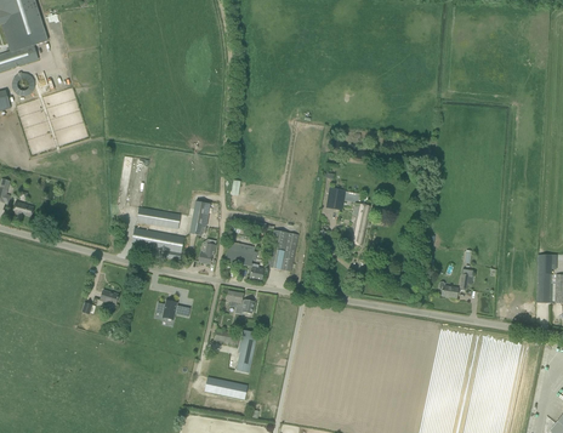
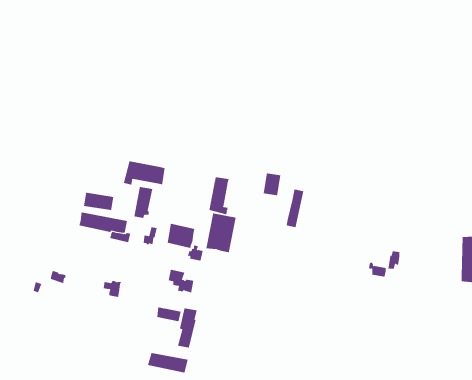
building: none -> [123,161,165,185]
building: none -> [209,177,229,215]

